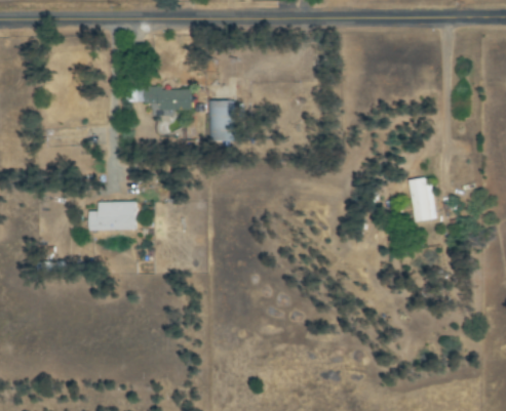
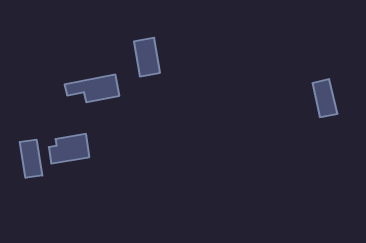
building: [130,86,193,114] -> [65,75,119,102]
building: none -> [20,140,42,178]

